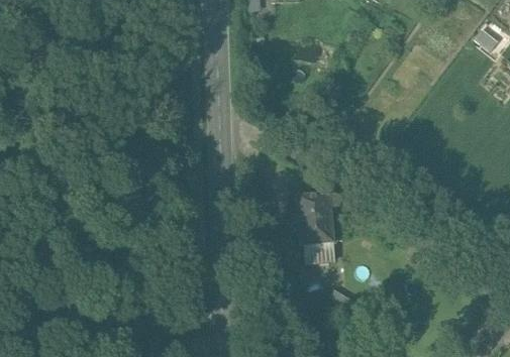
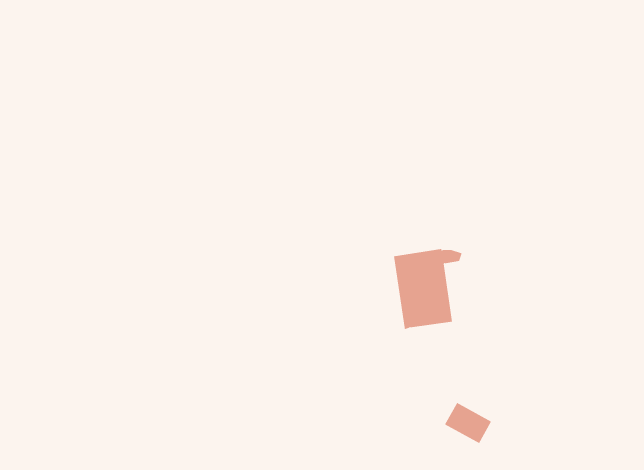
building: [305,238,335,259] -> none

